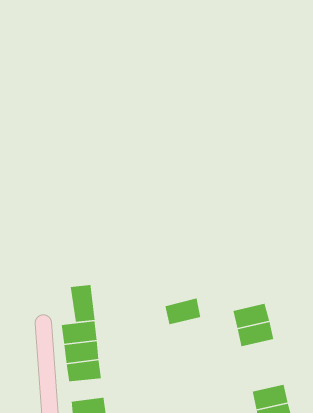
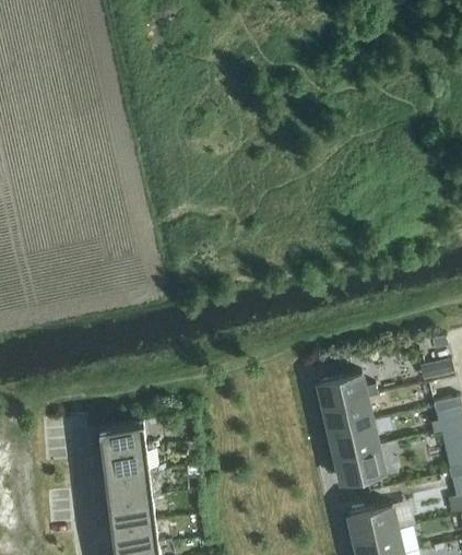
building: [70,284,96,323] -> none
building: [165,298,201,325] -> [319,374,367,410]
building: none -> [335,448,384,483]
building: none -> [109,499,156,529]

